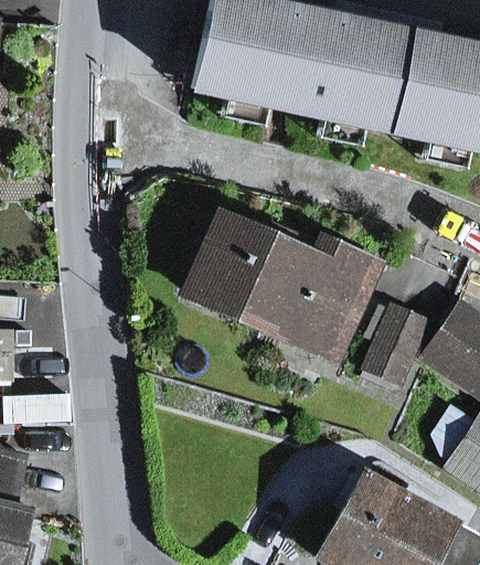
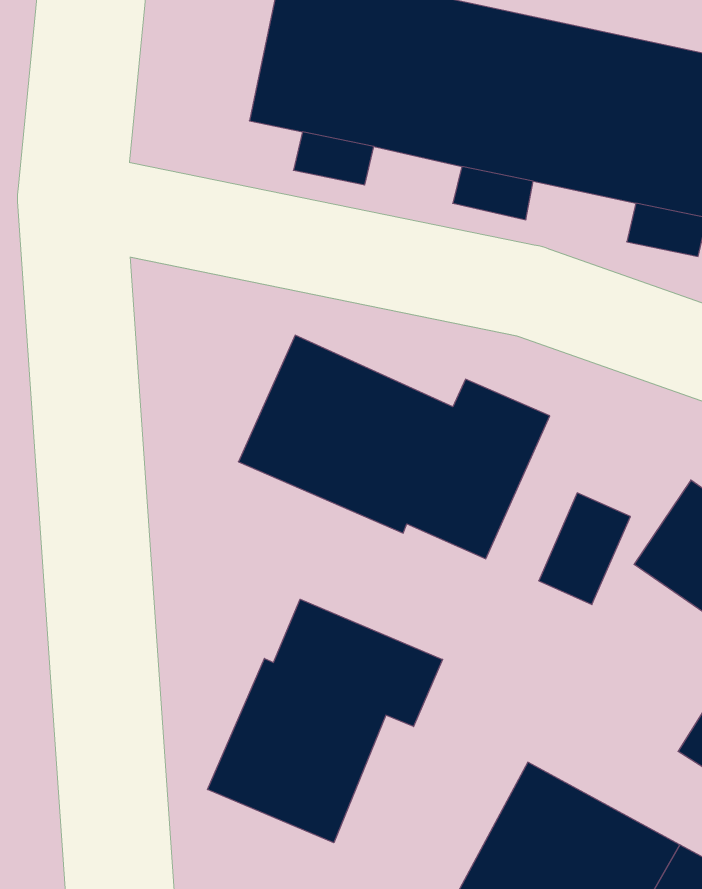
building: none -> [208,599,443,843]

